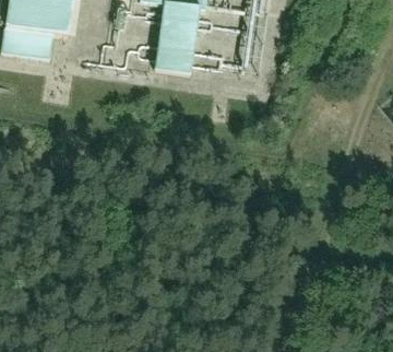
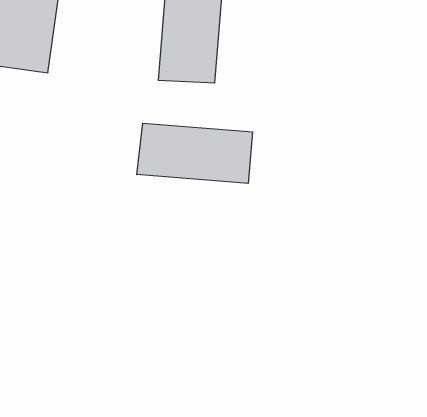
building: none -> [137,123,252,183]

